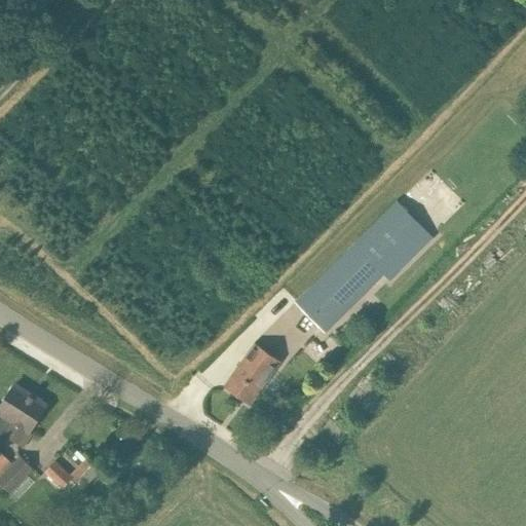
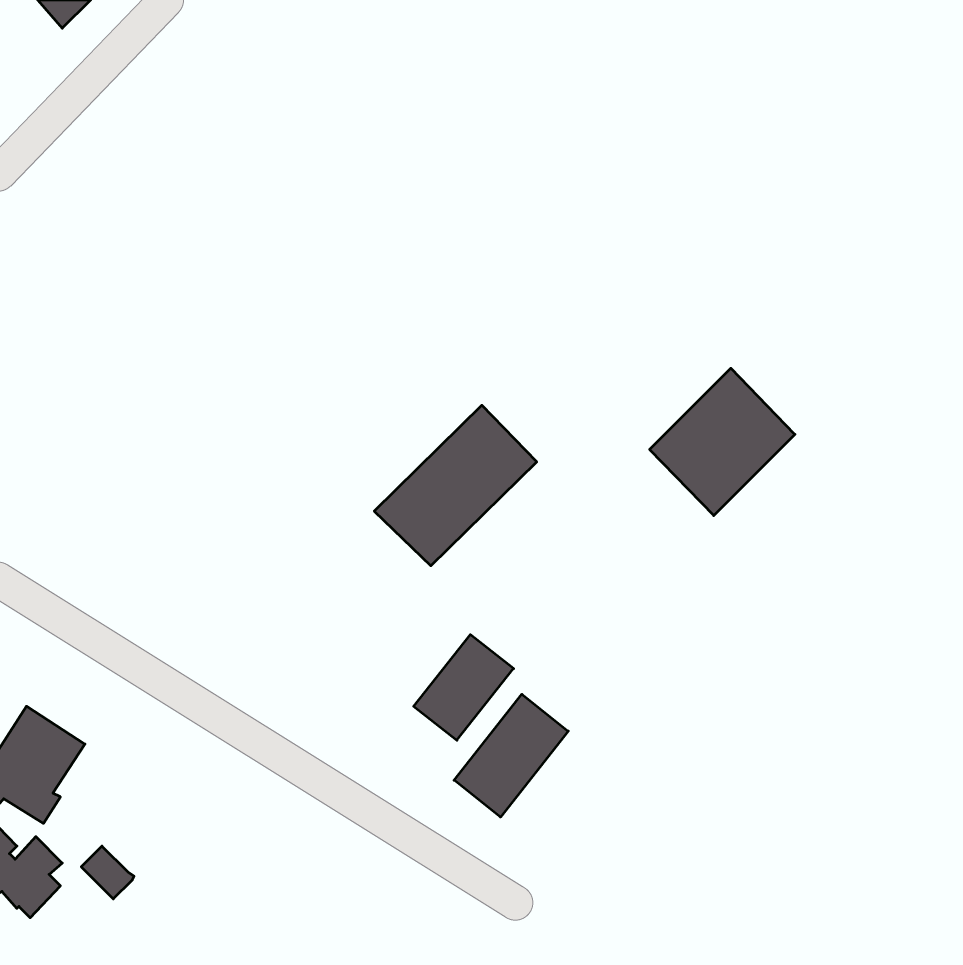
building: [294,245,382,332] -> [374,405,537,566]
building: none -> [454,694,568,817]

